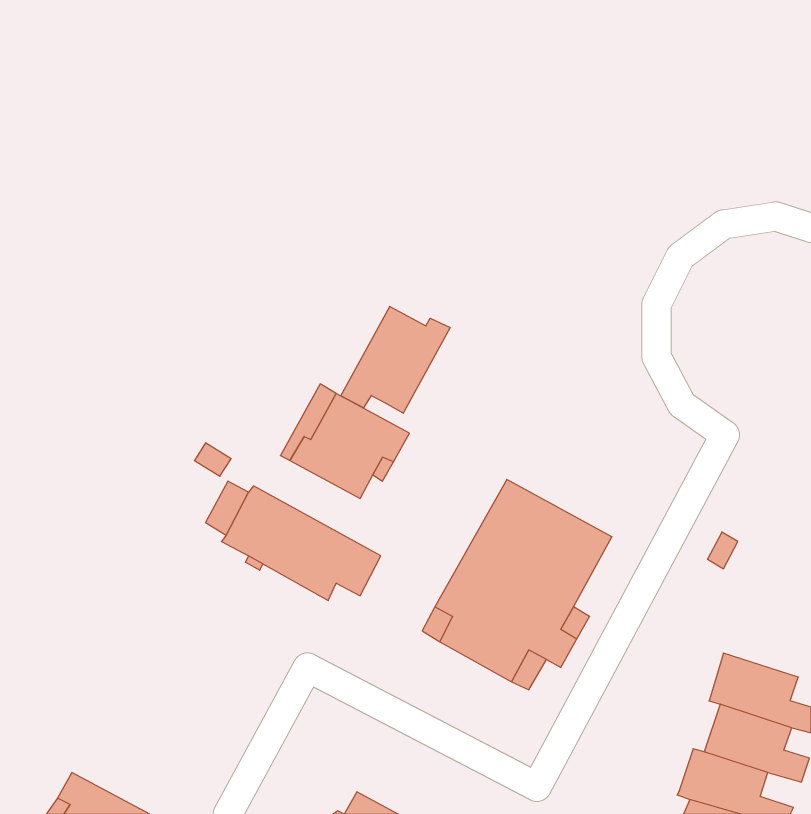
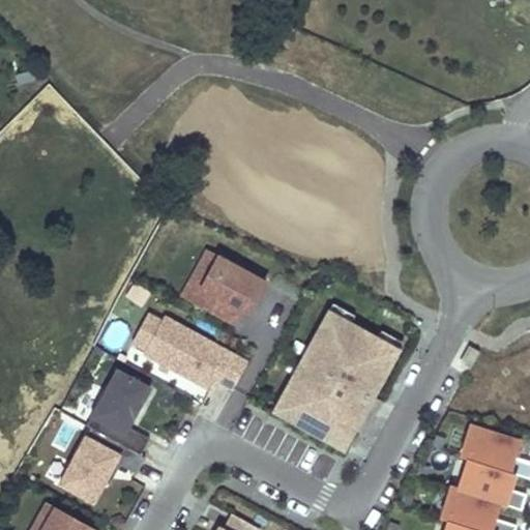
building: [341,306,450,413] -> none
building: none -> [82,365,147,451]
building: none -> [59,435,119,501]

